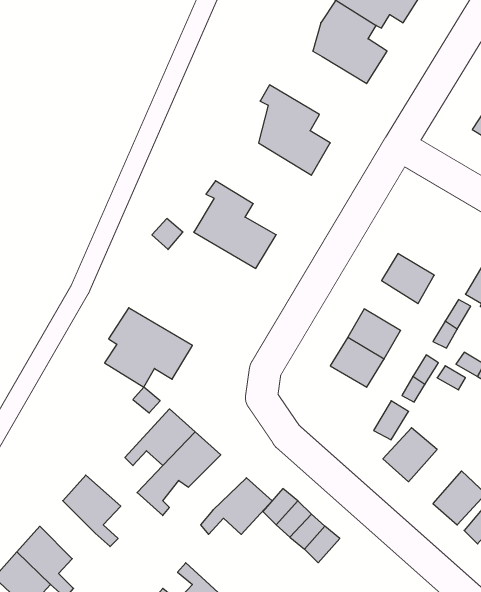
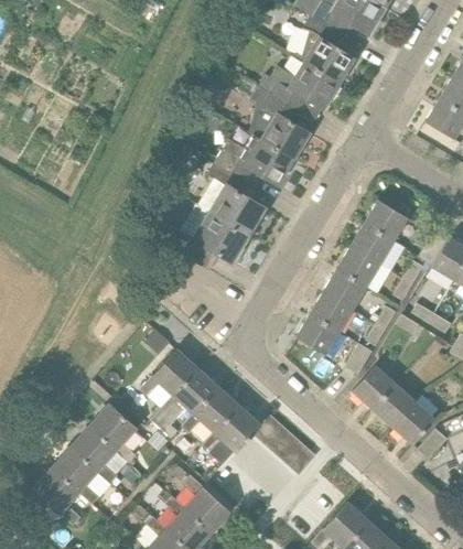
building: none -> [260,62,340,110]
building: none -> [216,134,294,185]
building: none -> [365,200,409,240]
building: none -> [337,245,381,286]
building: [105,308,192,387] -> [177,204,249,269]
building: none -> [297,314,340,355]
building: none -> [374,383,417,427]
building: none -> [183,387,241,433]
building: none -> [73,424,119,483]

